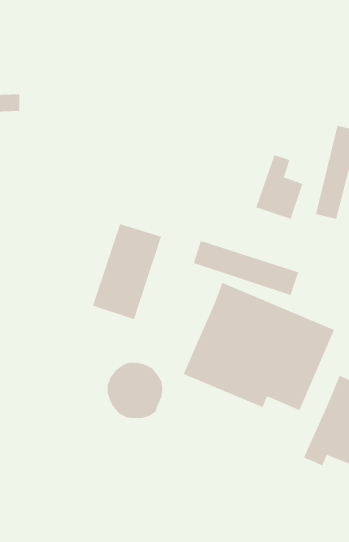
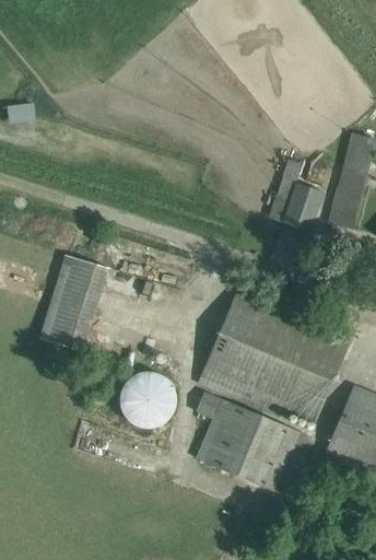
building: [92,223,162,320] -> [36,252,106,349]
building: [193,240,299,296] -> none
building: none -> [197,392,309,495]

